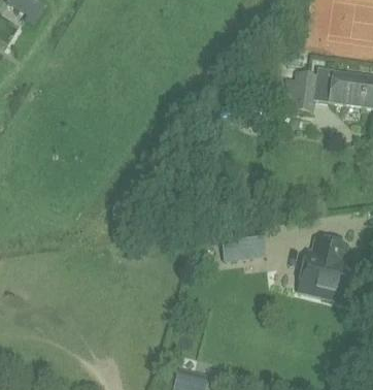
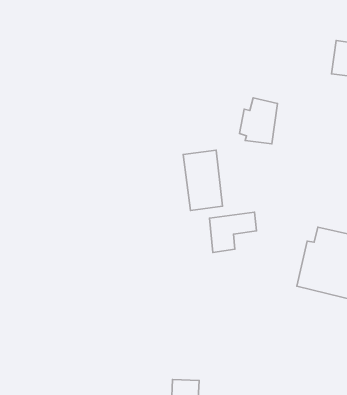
building: [282,72,316,113] -> [239,98,277,144]
building: none -> [183,150,222,210]

